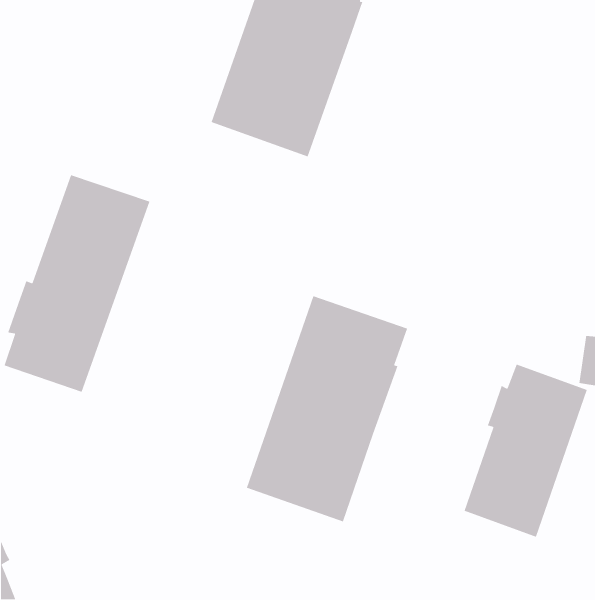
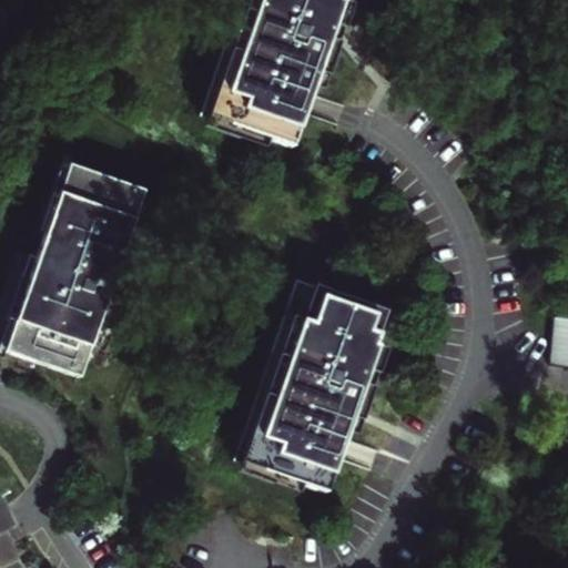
building: [464,364,588,538] -> none

